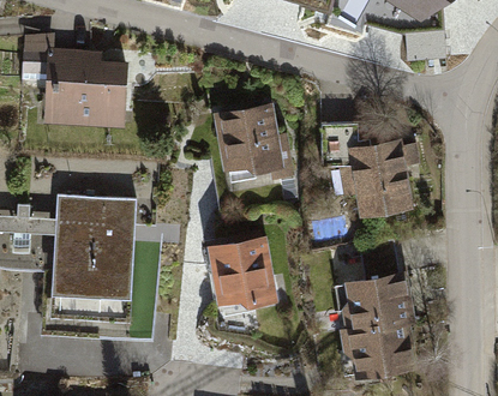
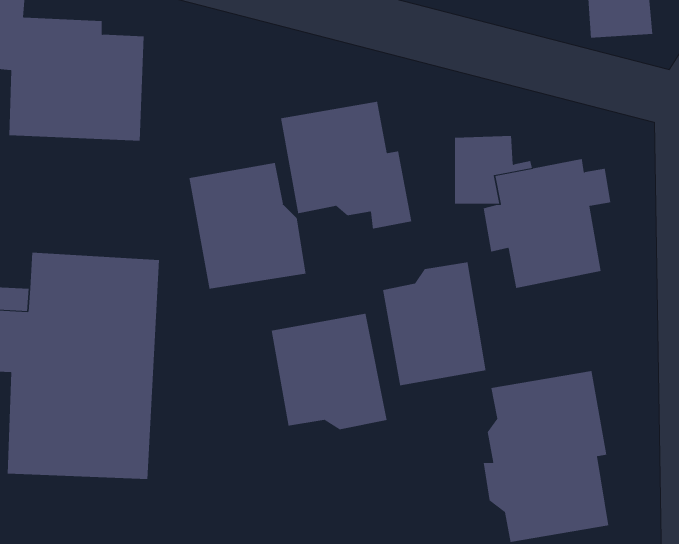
building: none -> [189,162,306,289]
building: none -> [383,262,486,386]

